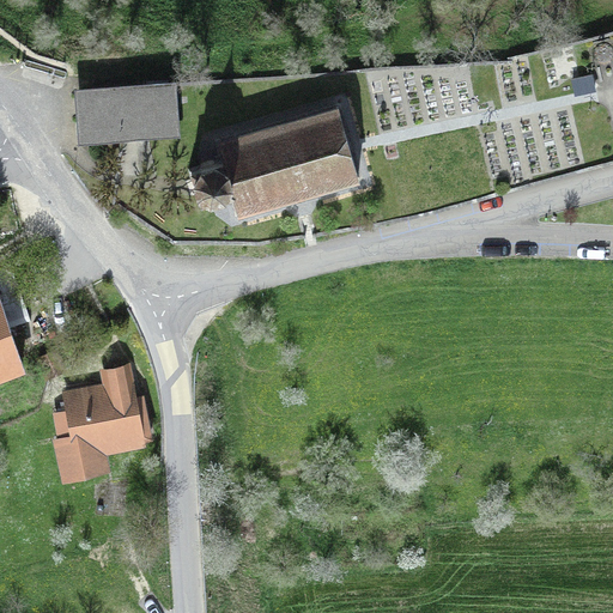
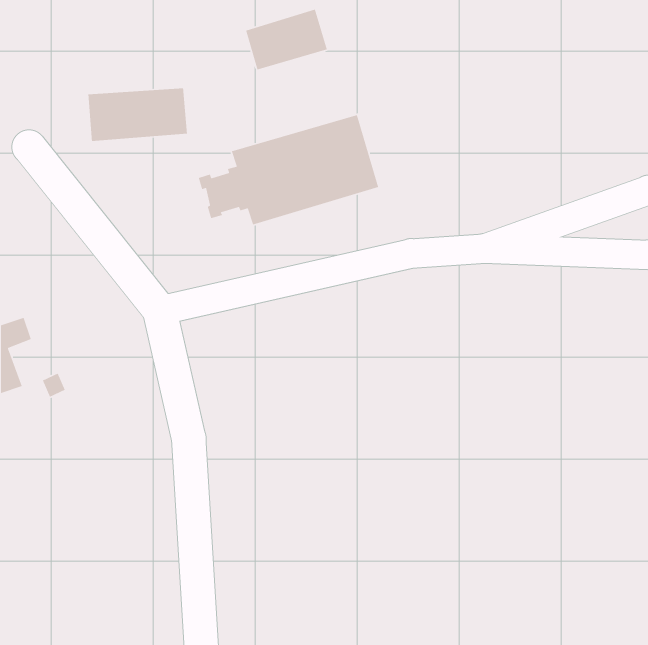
building: none -> [245,9,328,71]
building: [55,368,142,475] -> none

